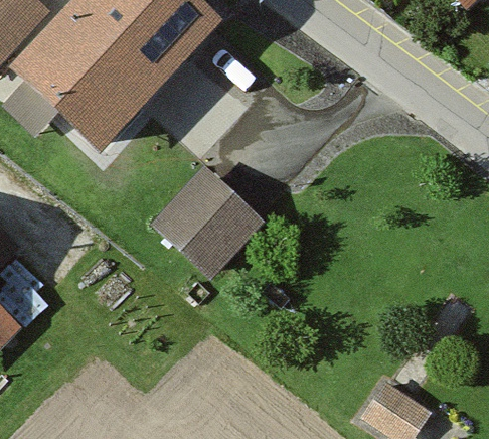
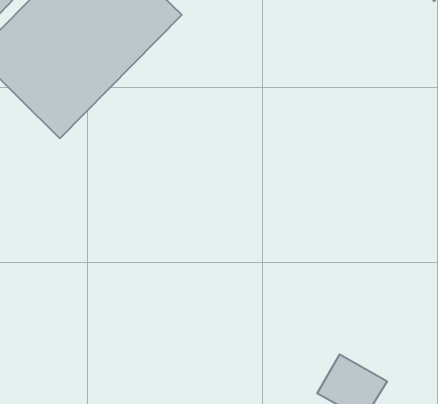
building: [151,163,267,279] -> none

